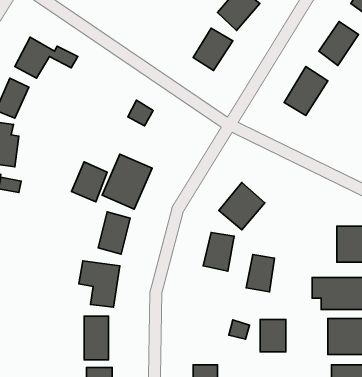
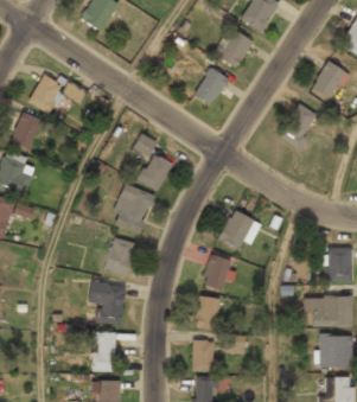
building: [71,162,107,202] -> [138,153,171,190]
building: [246,254,275,292] -> [193,295,219,330]
building: [260,320,286,352] -> [192,340,216,370]

